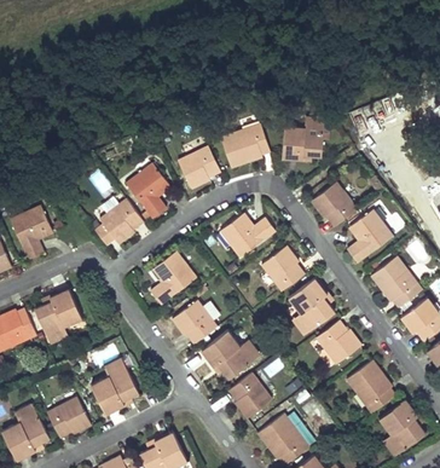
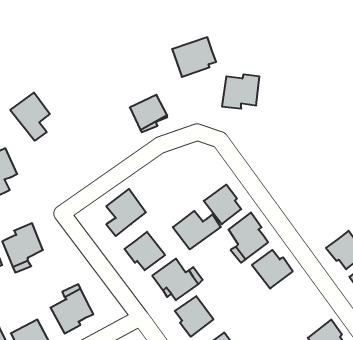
building: [222,125,272,169] -> [172,37,216,77]
building: [127,162,172,216] -> [10,93,50,141]
building: [309,184,355,227] -> none
building: [102,198,145,244] -> none
building: [347,210,390,264] -> none
building: [221,213,276,256] -> [173,211,221,249]
building: [370,255,423,307] -> none
building: [347,360,395,414] -> none

